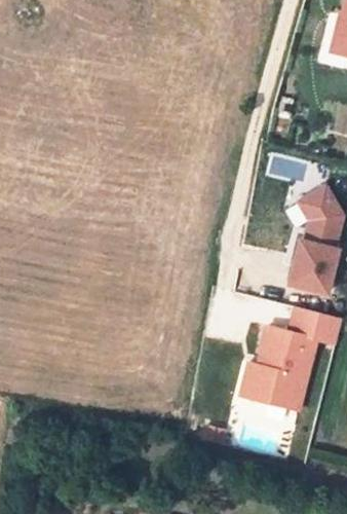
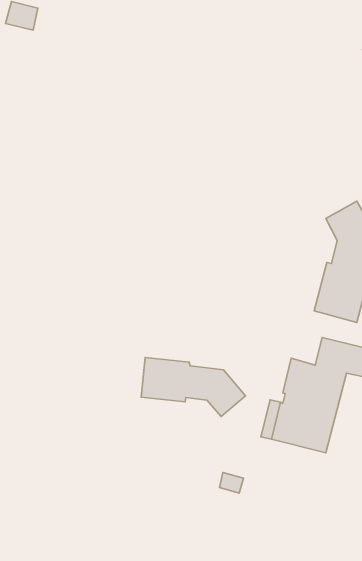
building: none -> [141,358,245,417]

